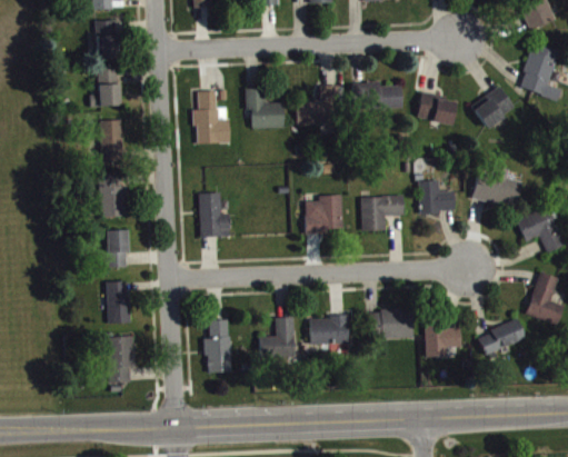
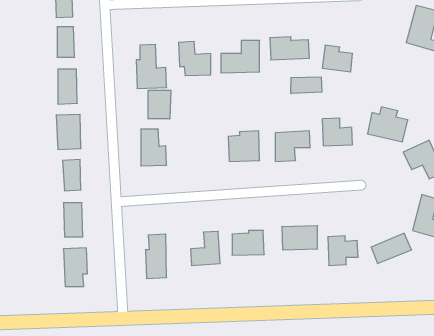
building: [470,86,515,128] -> none
building: none -> [291,77,322,94]
building: none -> [148,90,171,119]

